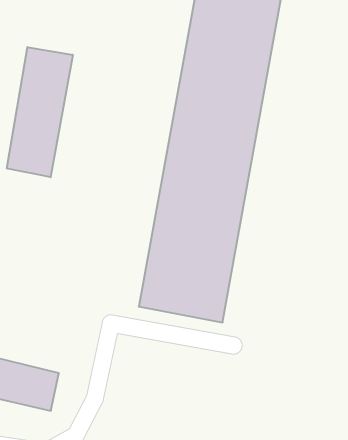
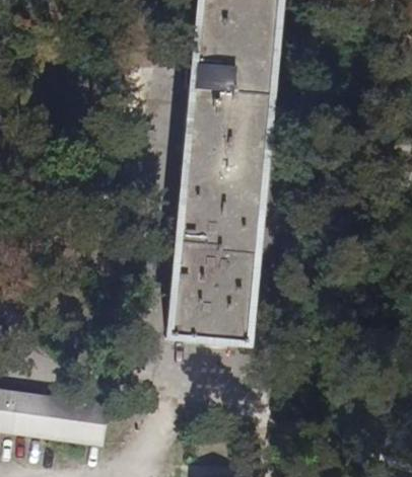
building: [7,47,73,177] -> none

